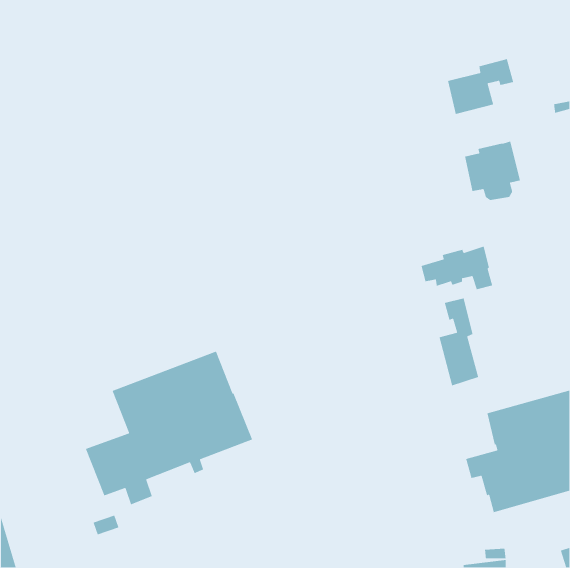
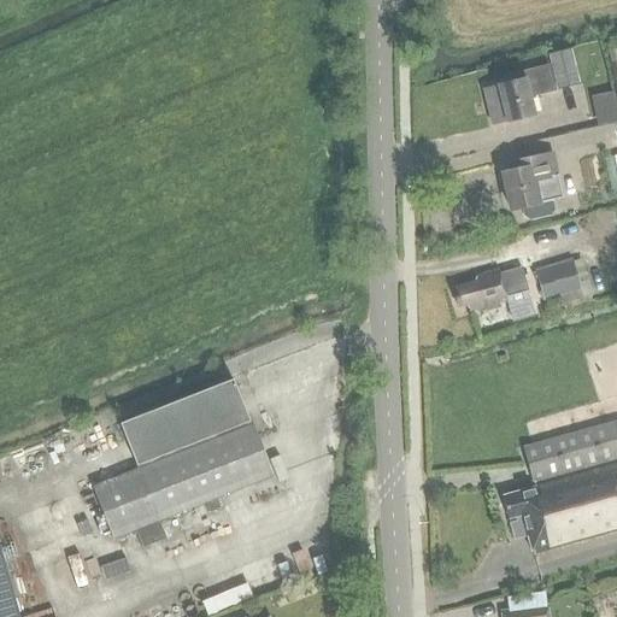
building: none -> [548,47,578,88]
building: none -> [537,259,581,299]
building: [439,297,479,386] -> none

